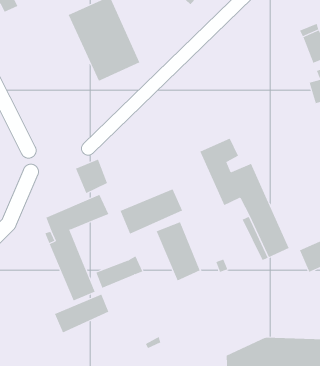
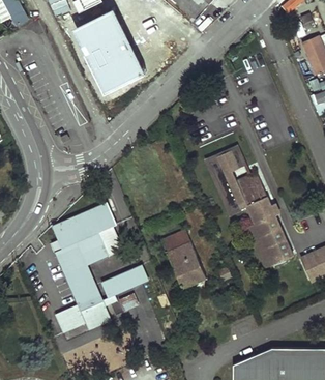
building: [75,159,108,194] -> [78,229,110,263]
building: [120,189,183,235] -> none

